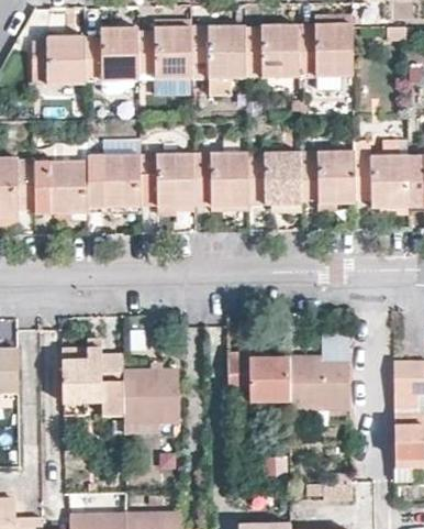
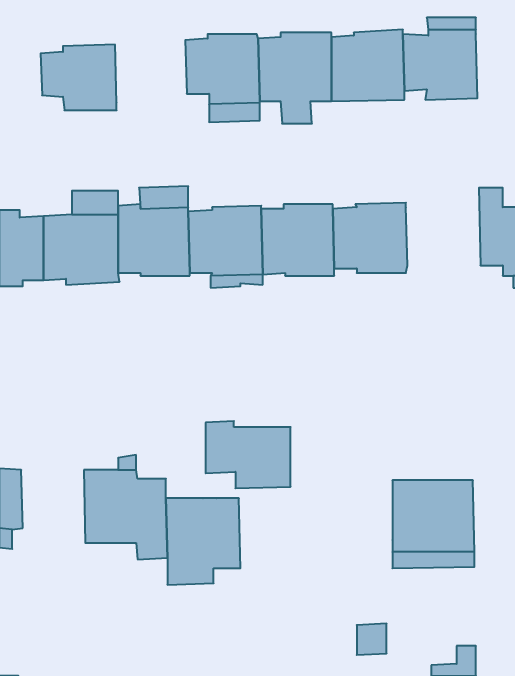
building: [86,27,138,80] -> none
building: [300,136,355,202] -> none
building: [227,352,290,401] -> [206,421,291,488]

